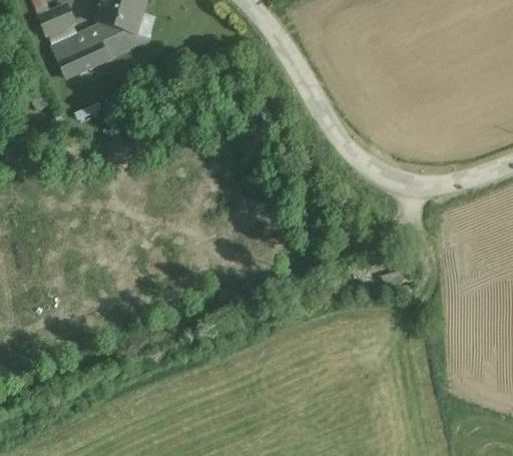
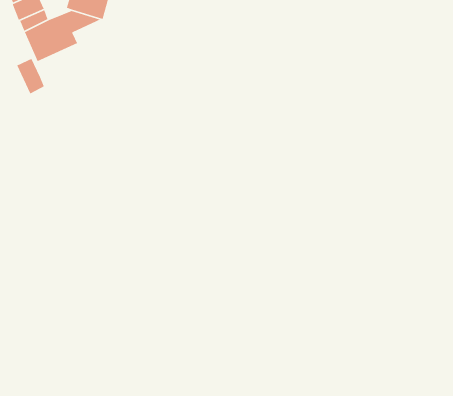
building: none -> [16,58,45,95]

